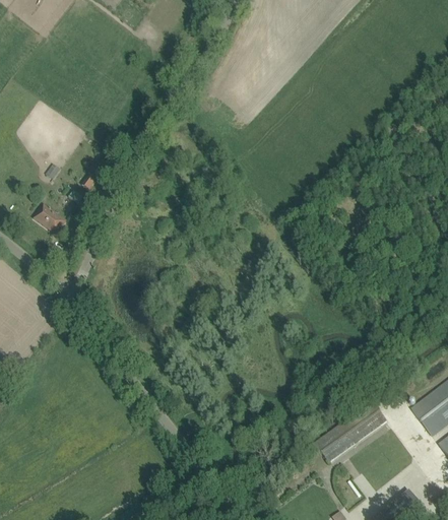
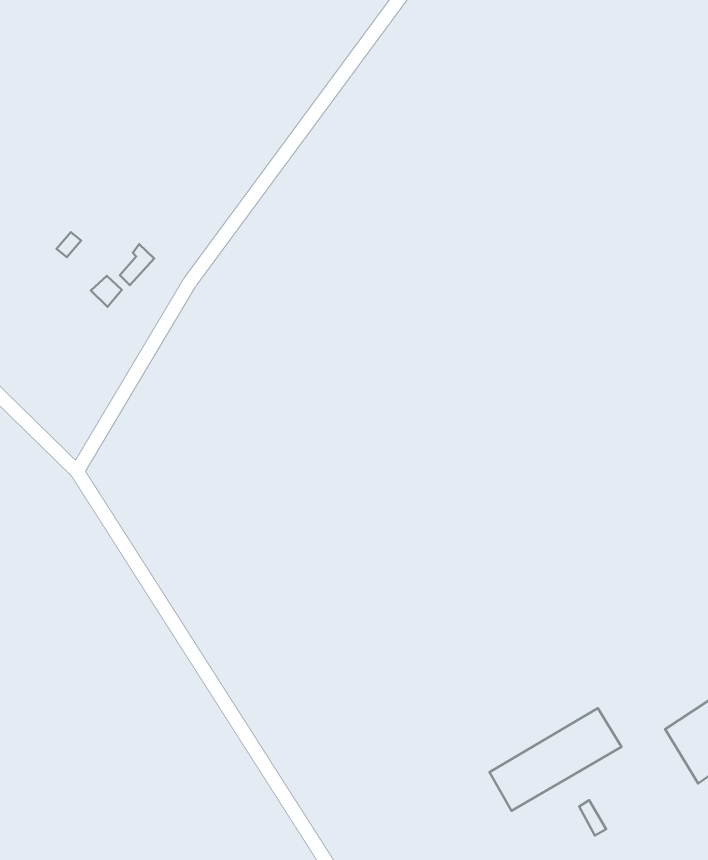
building: [35,204,68,235] -> none

